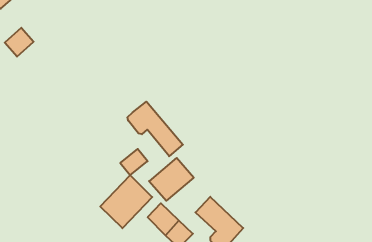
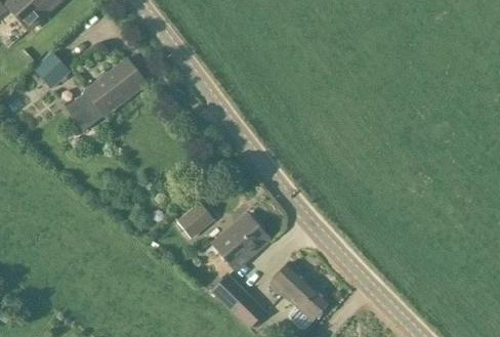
building: none -> [65,59,145,131]
building: [128,102,183,156] -> none
building: [100,175,152,228] -> none

